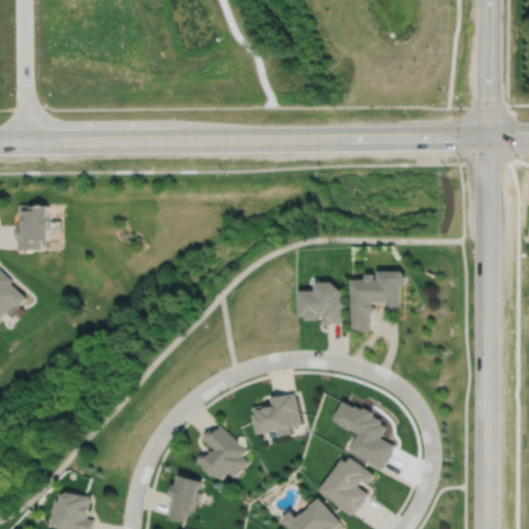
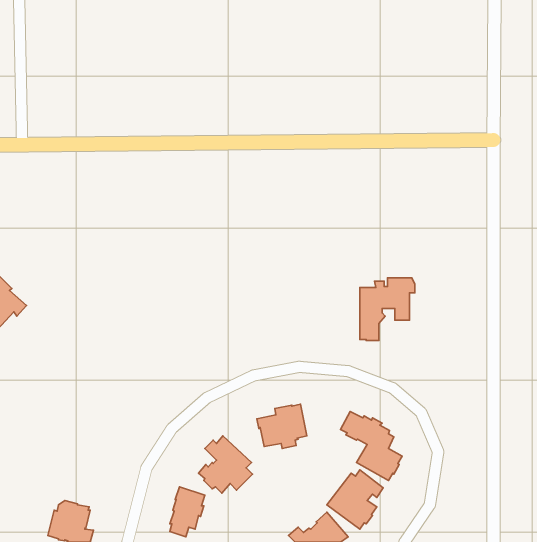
building: [14,205,51,249] -> none
building: [297,282,346,324] -> none

